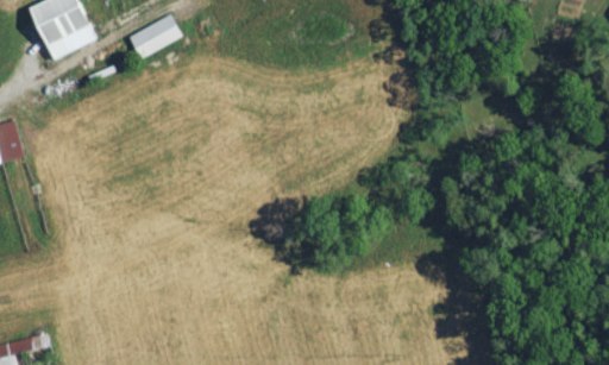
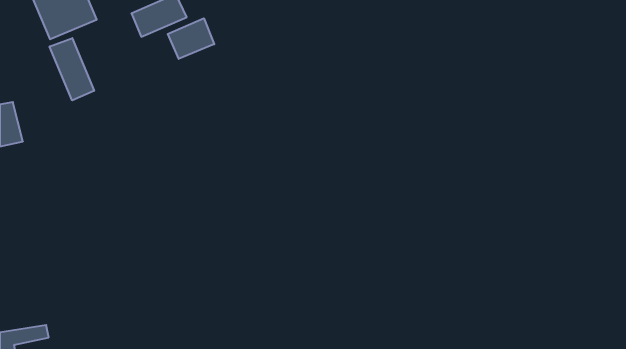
building: none -> [168,18,214,59]
building: none -> [50,38,94,100]

